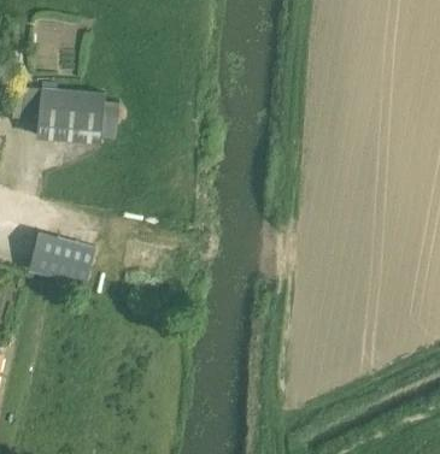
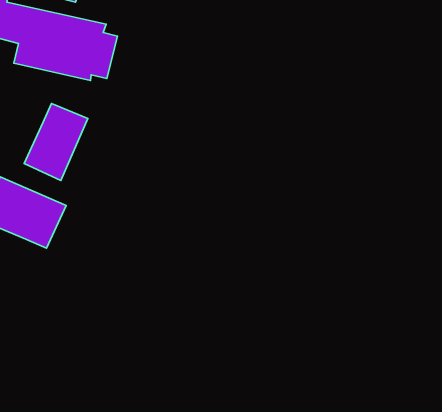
building: none -> [24,103,88,180]

